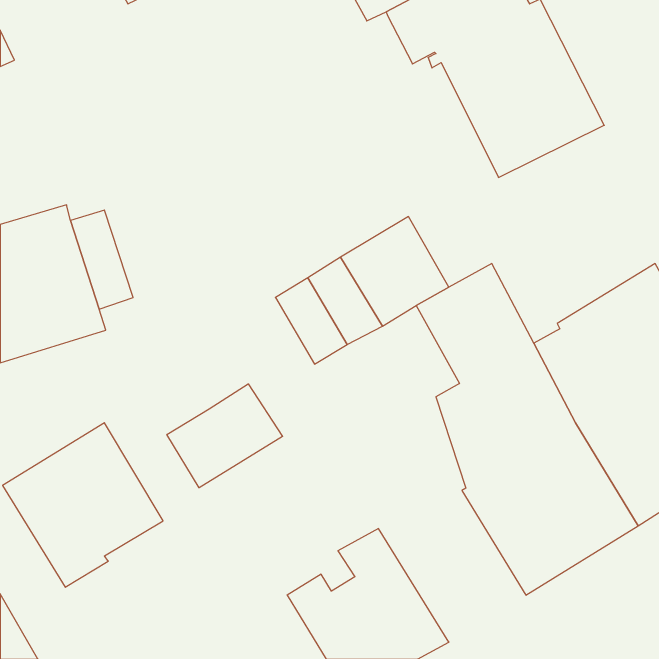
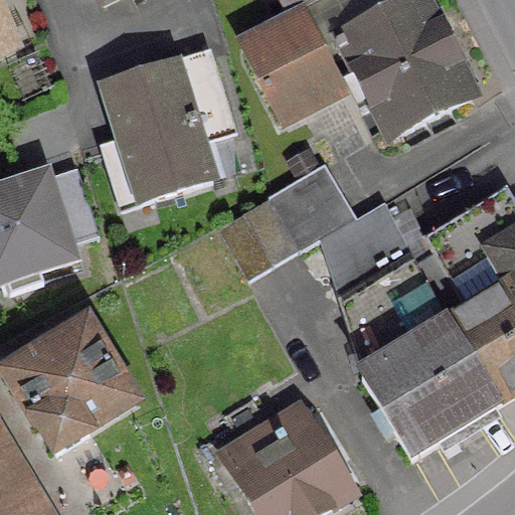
building: none -> [241,12,344,121]
building: none -> [102,55,234,209]
building: [167,384,283,488] -> none

